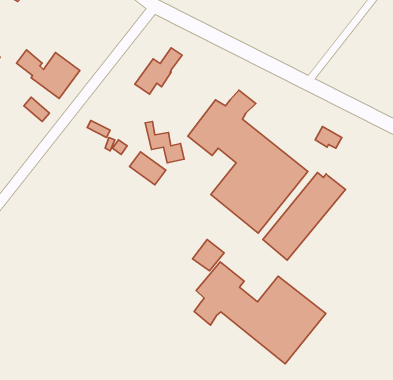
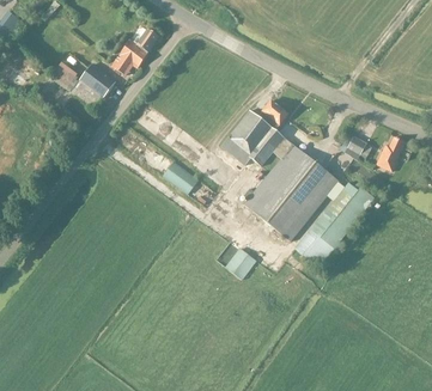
building: [135,48,182,94] -> [111,28,158,73]
building: none -> [377,135,407,171]
building: [194,262,326,364] -> none

